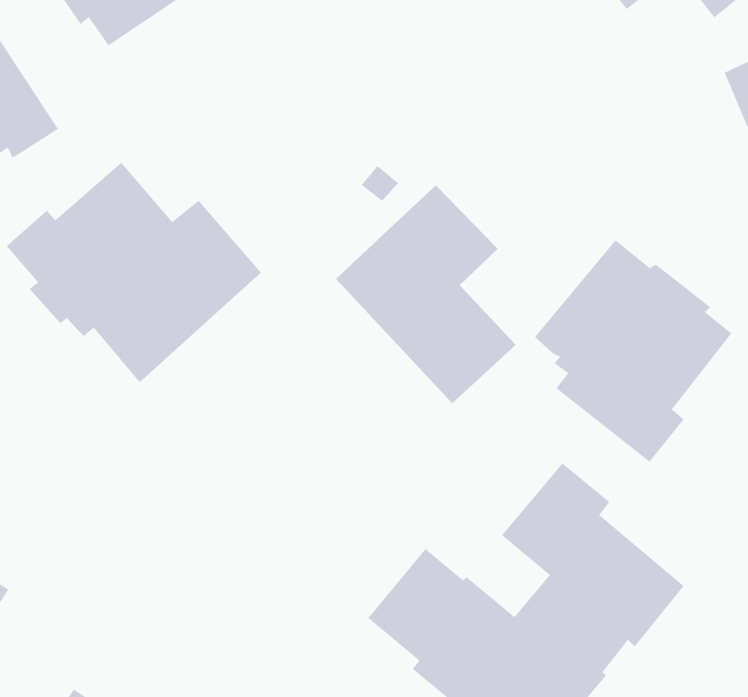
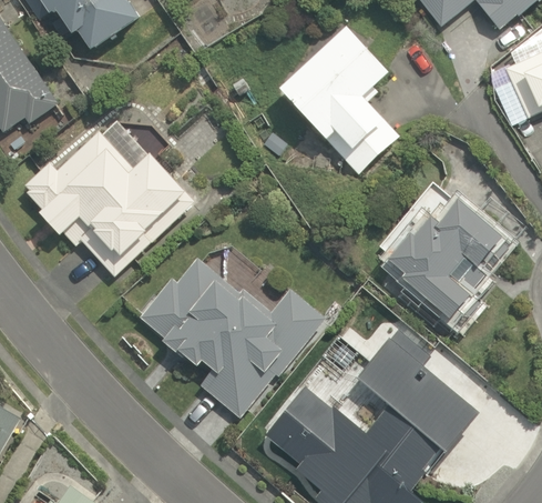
building: [335,185,517,404] -> [277,27,399,174]
building: none -> [140,259,326,418]

